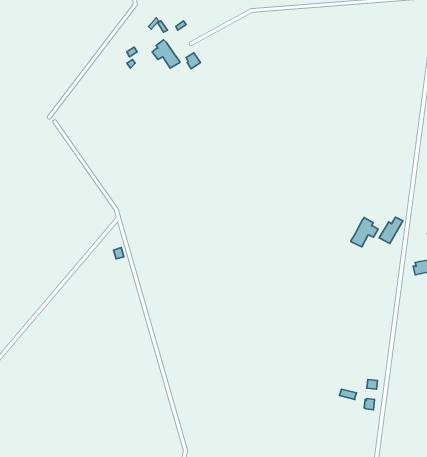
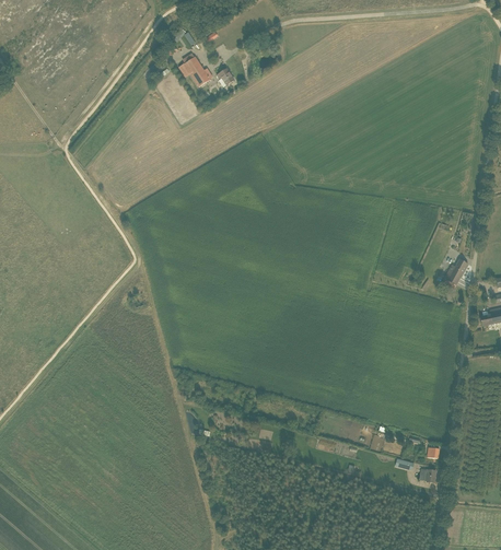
building: [351,218,378,247] -> none

